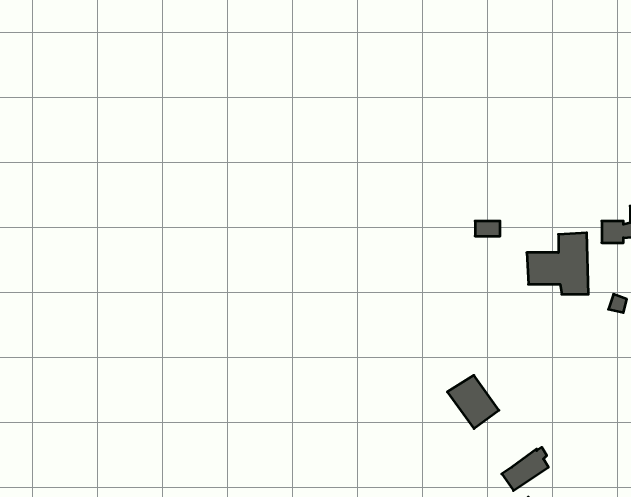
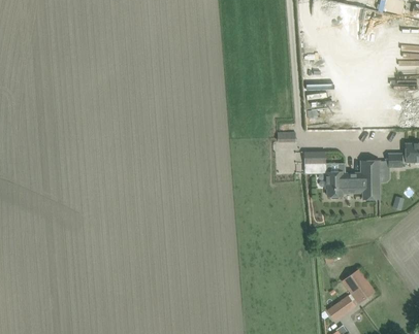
building: none -> [326,172,344,198]
building: [447,375,499,429] -> [343,270,375,303]

